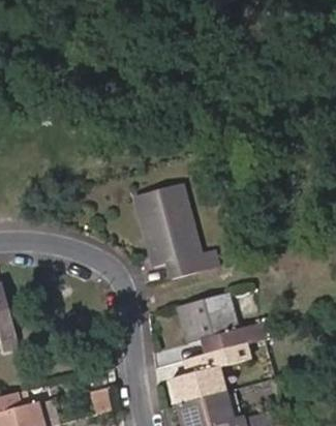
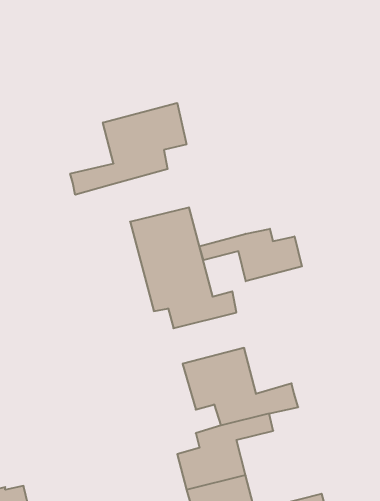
building: none -> [70,103,186,195]
building: none -> [199,229,302,281]

